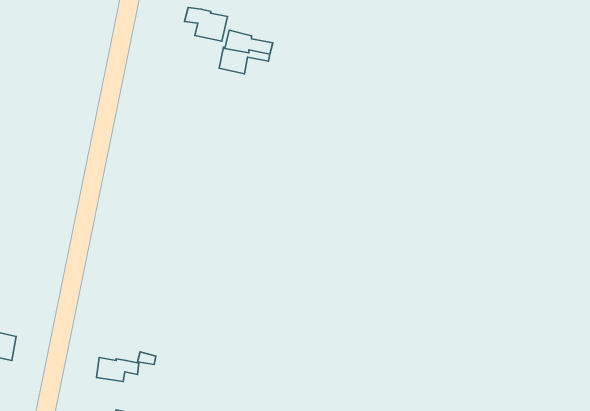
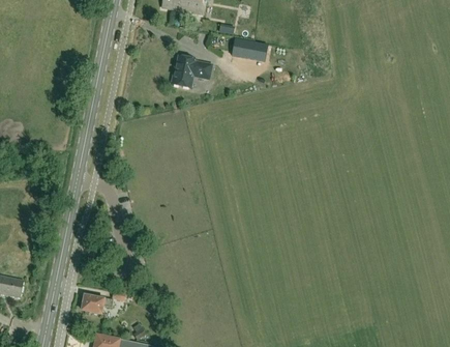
building: [185,7,227,41] -> none
building: none -> [232,39,268,62]

